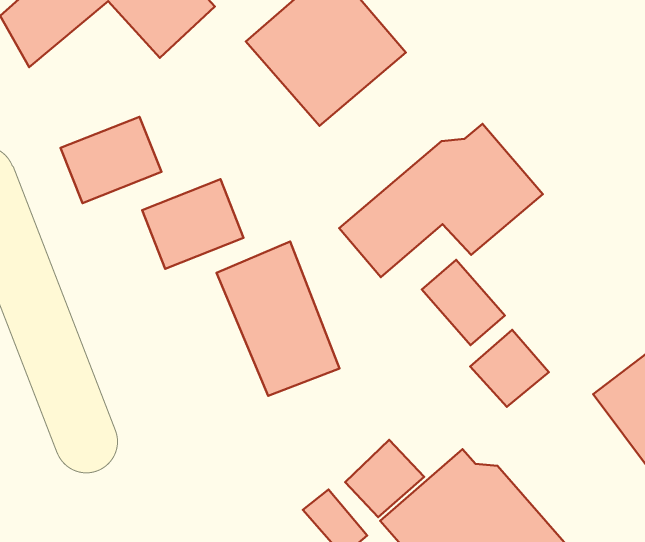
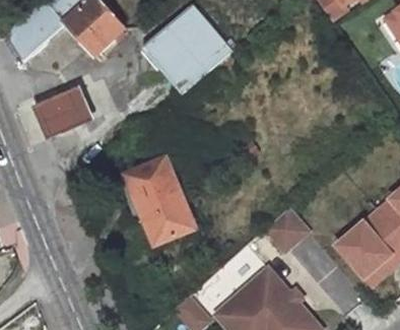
building: [339,124,543,277] -> none
building: [142,179,243,269] -> none
building: [422,260,505,345] -> none

